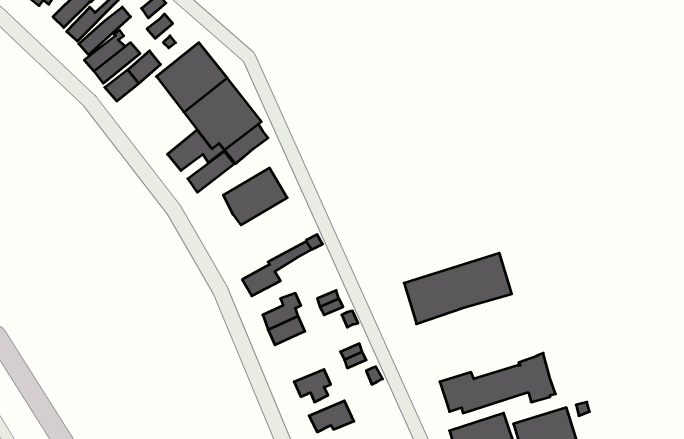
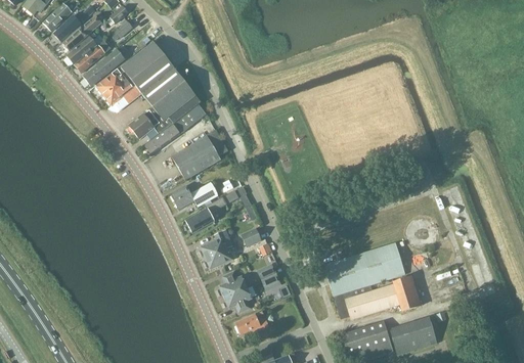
building: none -> [97,66,142,112]
building: none -> [171,181,219,209]
building: [404,253,512,324] -> [325,243,406,297]
building: none -> [220,272,248,297]

